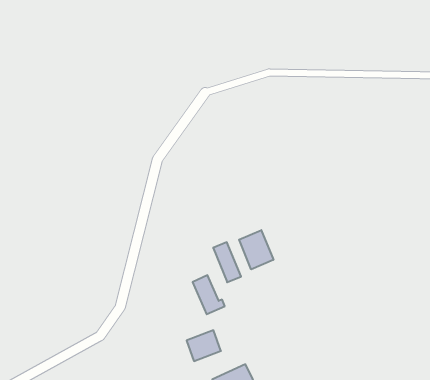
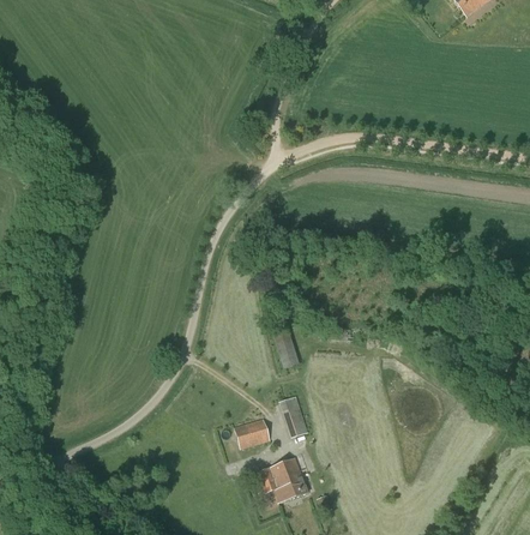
building: [239,230,273,269] -> none
building: [193,275,225,314] -> [279,395,312,437]

